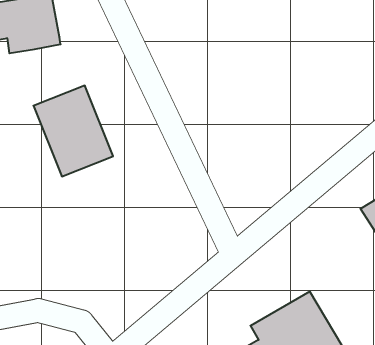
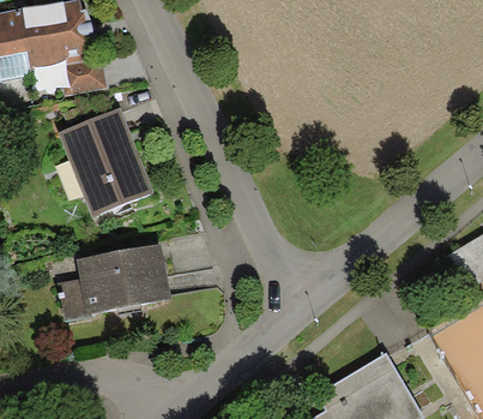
building: none -> [60,48,108,94]
building: none -> [60,244,173,321]

